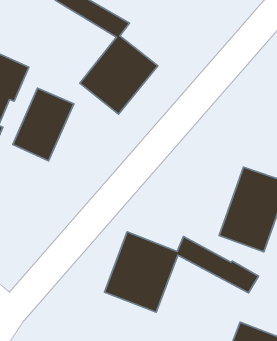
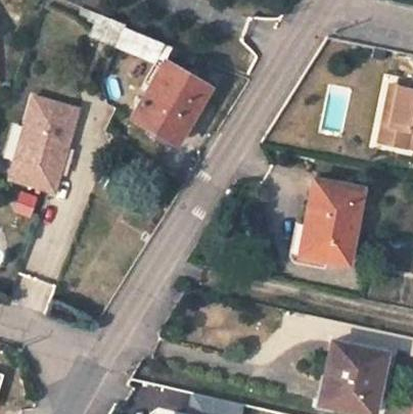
building: [13,88,74,161] -> none
building: [104,232,259,312] -> none

